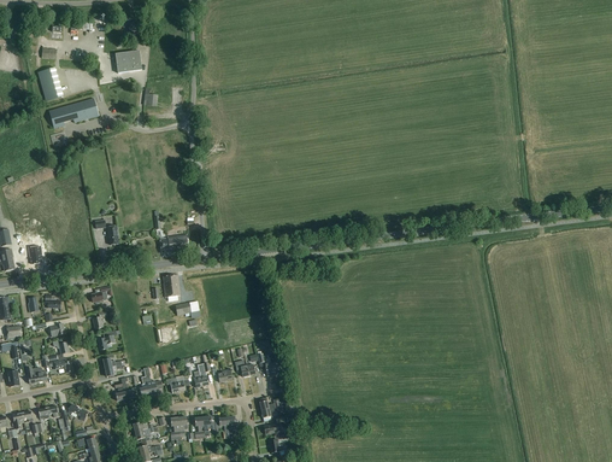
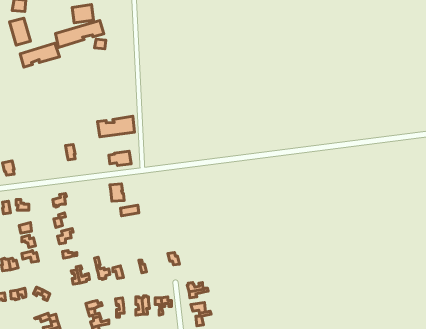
building: none -> [56,21,104,47]
building: none -> [98,116,134,137]

